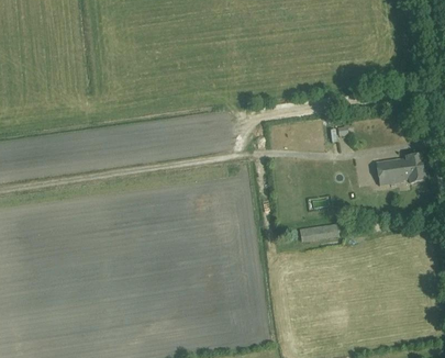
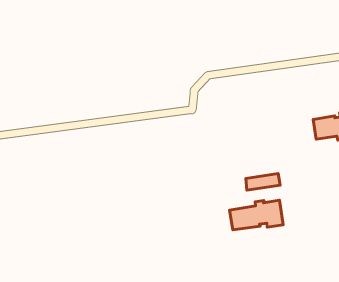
building: none -> [230,200,283,230]

